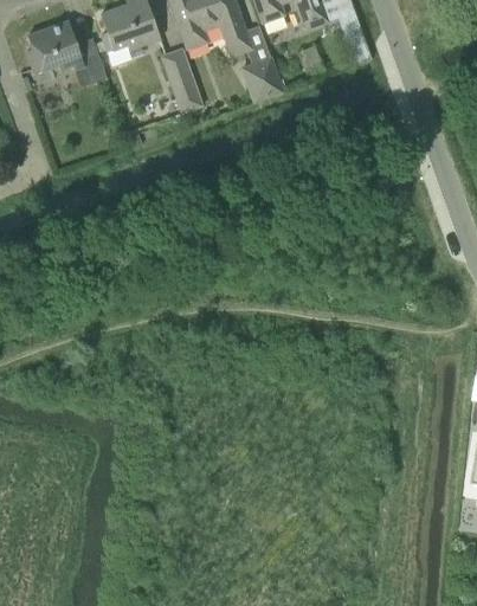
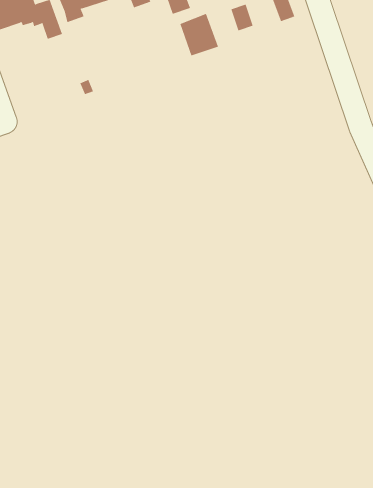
building: [163,47,202,111] -> none

